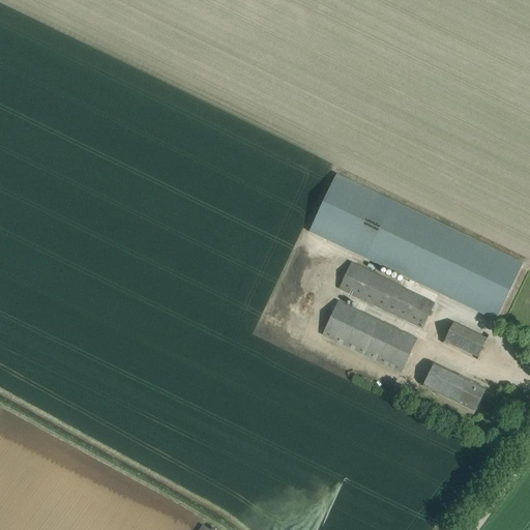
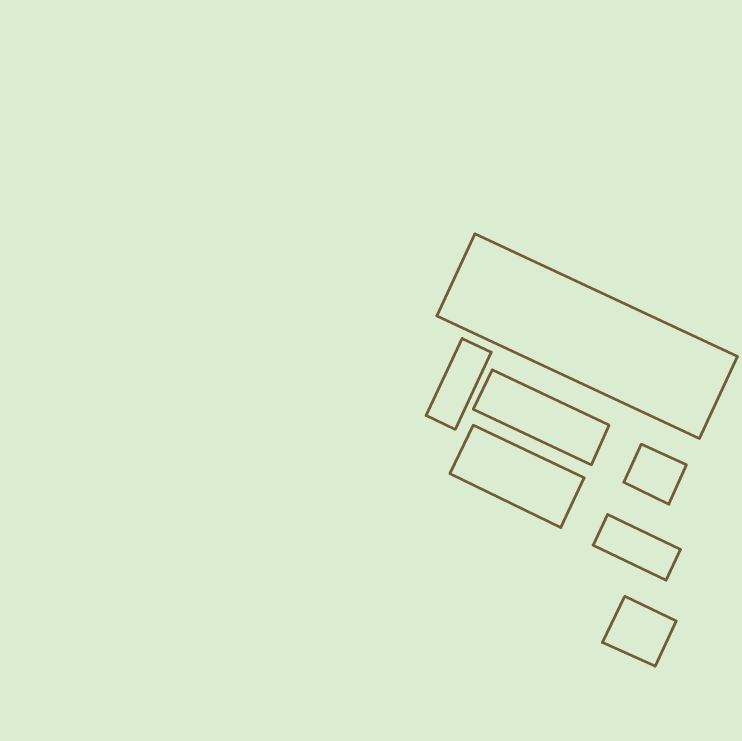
building: none -> [426,338,491,429]
building: none -> [602,596,676,666]

